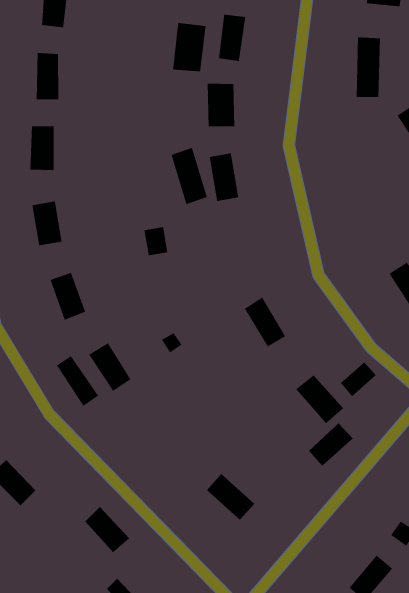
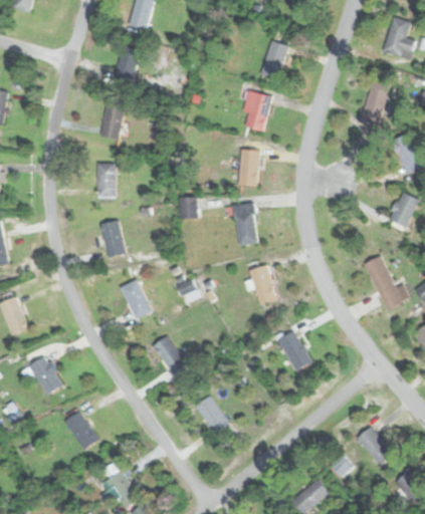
building: [172,22,207,72] -> none
building: [171,147,208,205] -> [235,202,258,246]
building: [56,355,99,407] -> none
building: [340,361,377,397] -> none
building: none -> [153,335,188,374]
building: [308,422,354,467] -> none
building: [84,506,130,553] -> [65,412,98,450]

